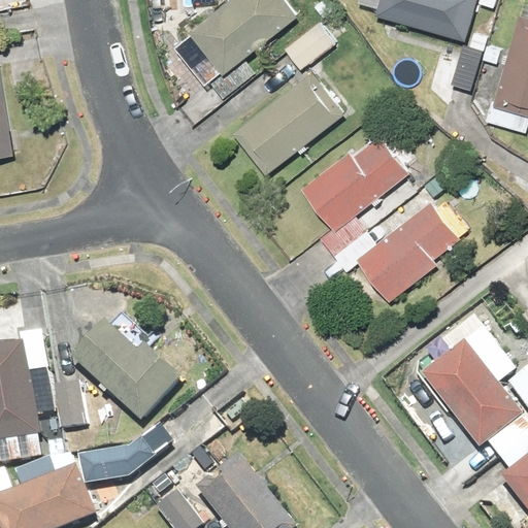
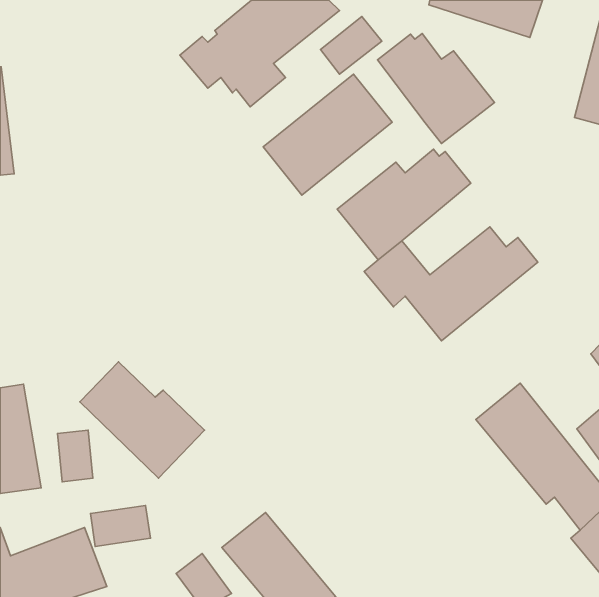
building: none -> [377,34,494,143]

